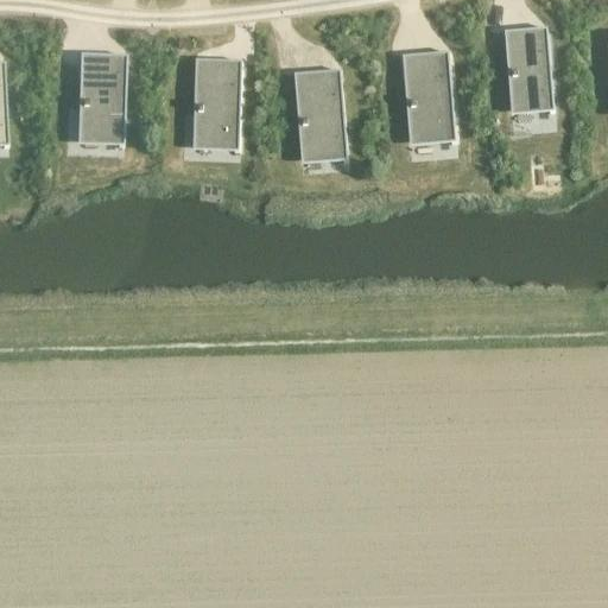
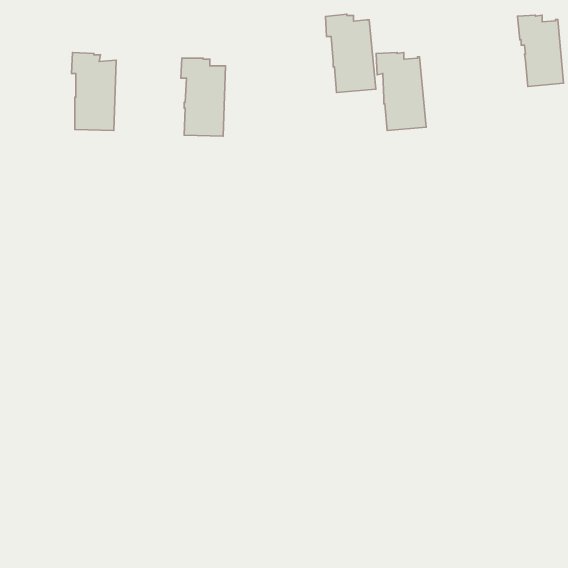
building: [502,32,551,108] -> [518,15,563,87]
building: [292,74,346,157] -> [325,14,376,92]

